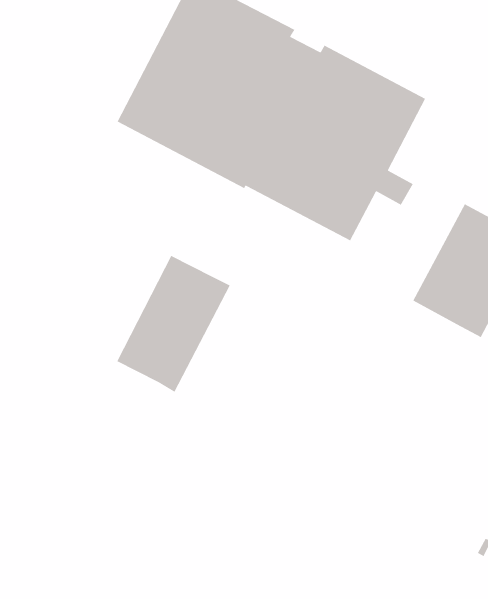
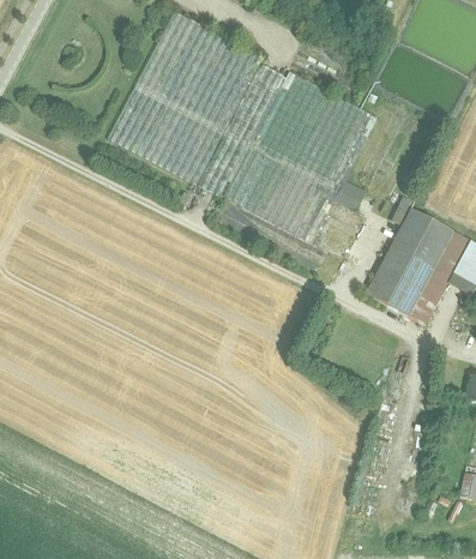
building: [116,255,231,393] -> none

